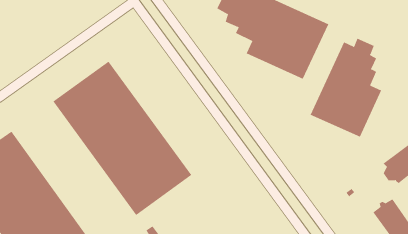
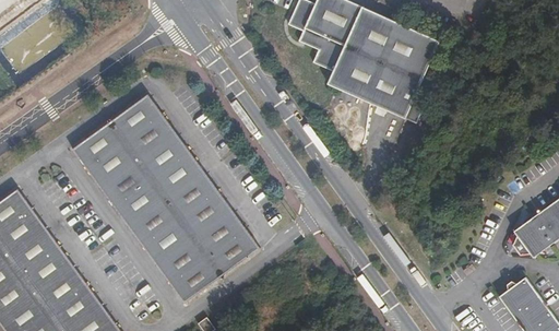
building: [310,38,382,138] -> none

